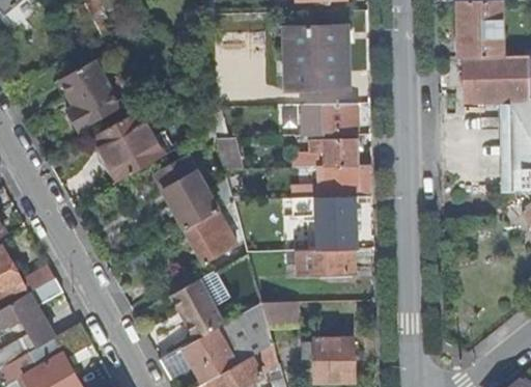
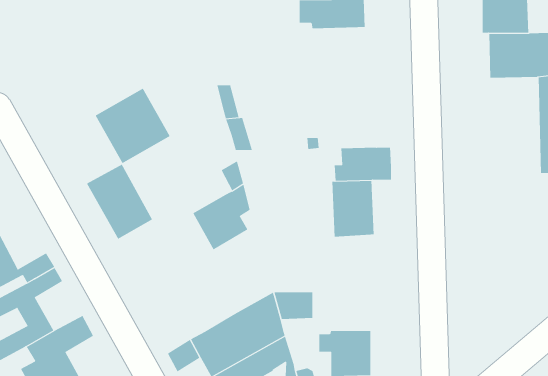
building: [297,52,348,87] -> none
building: [57,60,118,131] -> none
building: [302,103,357,136] -> none
building: [324,139,358,166] -> none
building: [153,156,217,227] -> [86,164,153,239]
building: [299,248,355,274] -> none
building: [169,279,223,339] -> none

